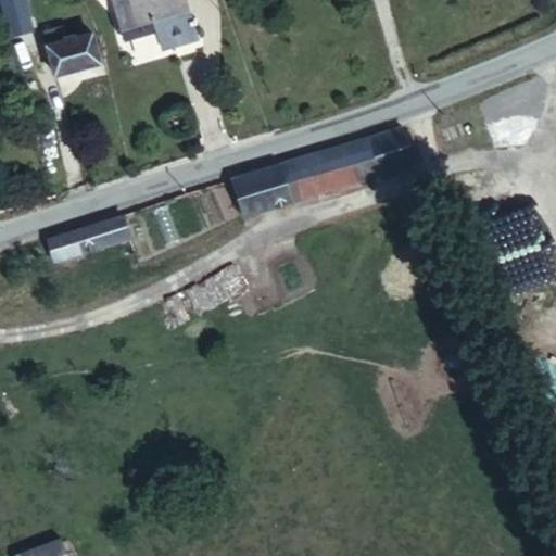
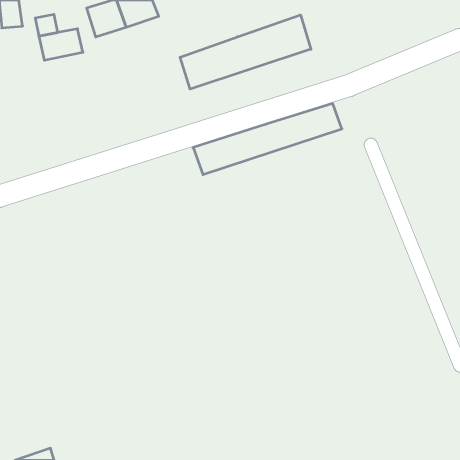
building: none -> [180,15,311,89]
building: [152,20,200,58] -> none
building: [48,218,127,266] -> none

